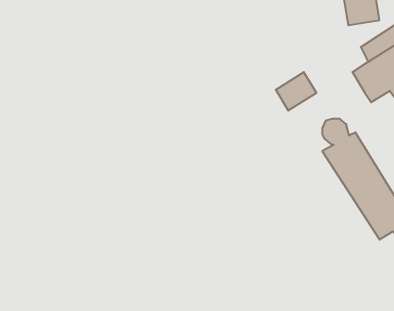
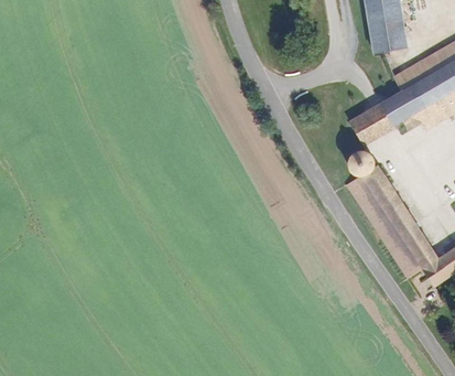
building: [276,72,316,111] -> [349,101,392,142]

